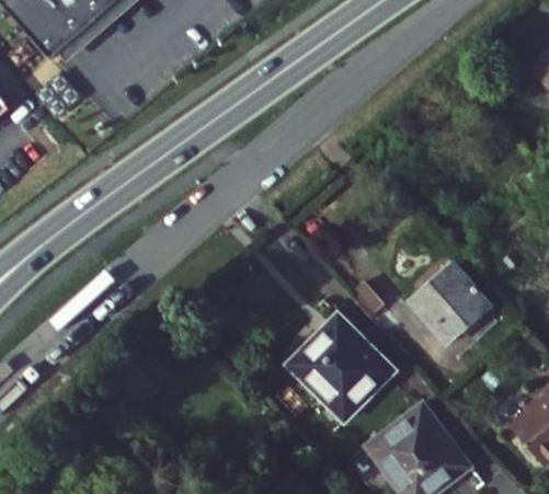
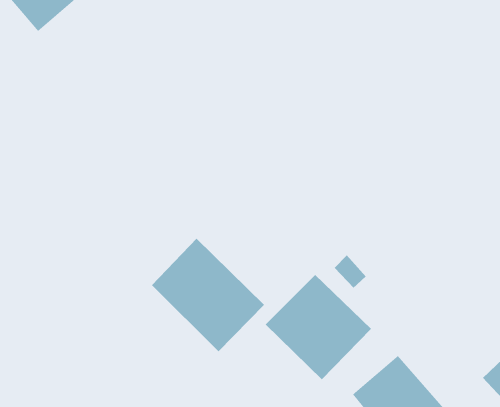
building: [412,261,496,343] -> none
building: none -> [151,238,265,352]

